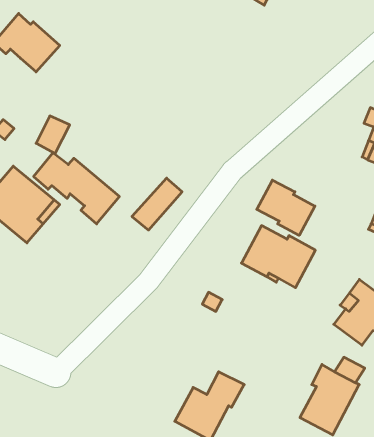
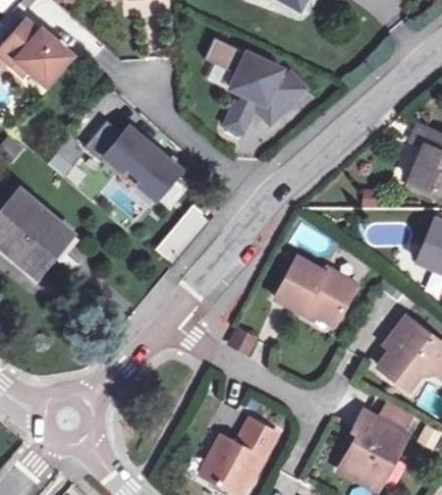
building: none -> [207,39,308,133]
building: [34,153,119,224] -> [86,121,181,201]
building: [257,180,315,235] -> none

